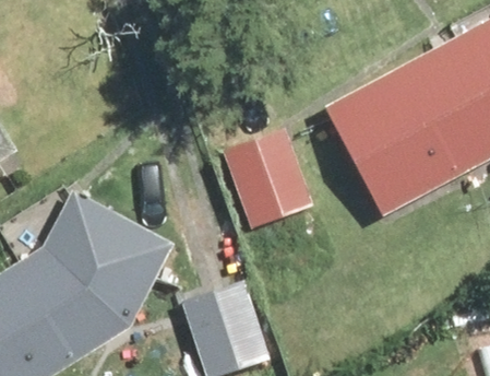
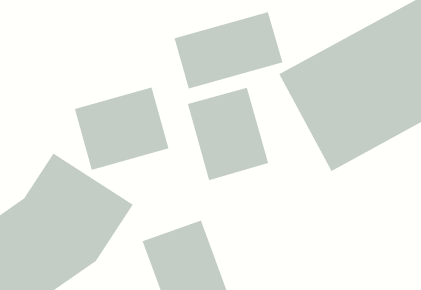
building: none -> [173,11,284,90]
building: none -> [74,86,169,171]

